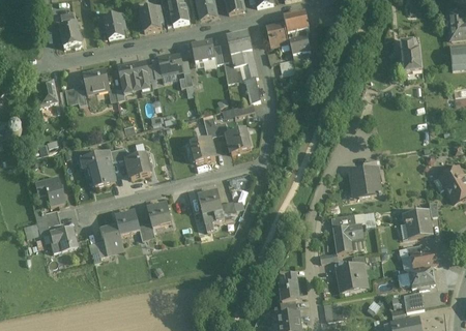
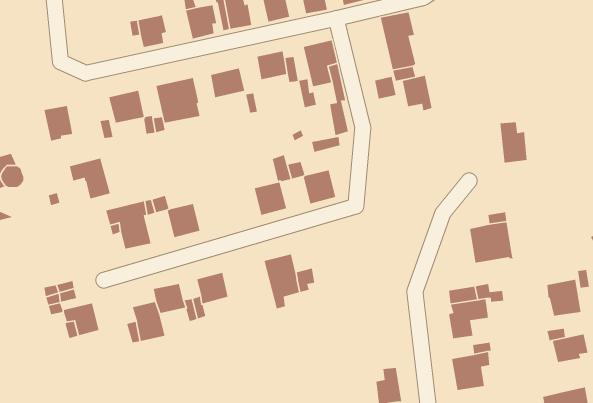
building: [59,23,81,47] -> none
building: [266,23,289,50] -> [402,75,433,111]
building: [401,40,421,71] -> [500,121,528,163]
building: [33,175,64,206] -> [69,158,111,200]
building: [408,267,435,289] -> none

